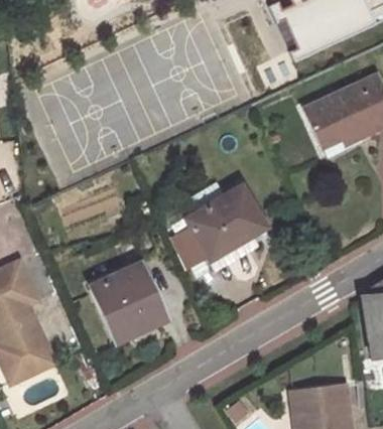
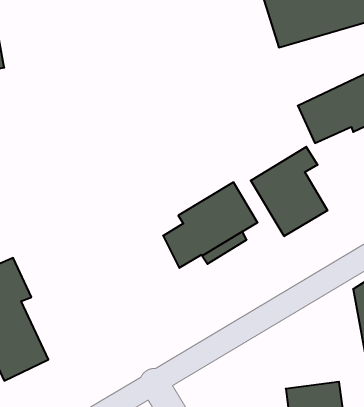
building: none -> [251,147,327,236]
building: [92,265,161,340] -> none

